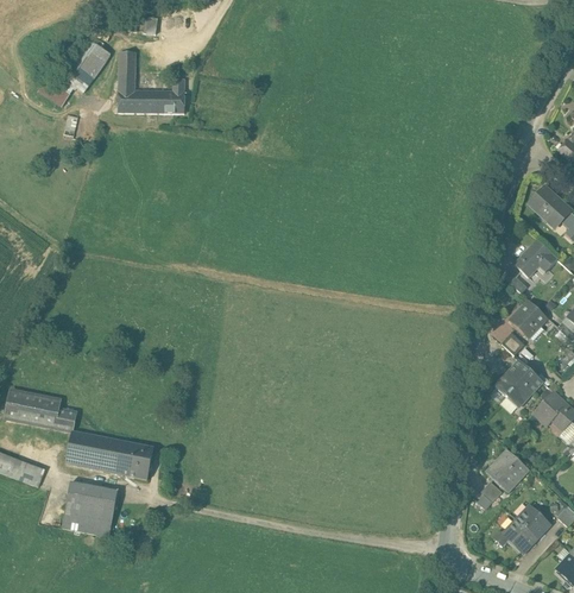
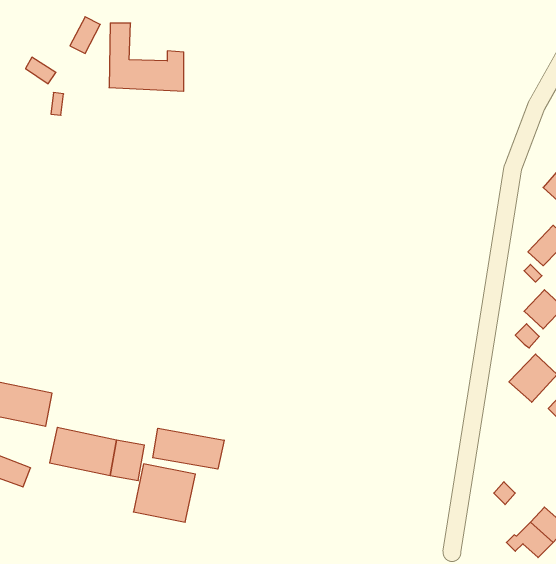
building: none -> [153,428,224,469]
building: [485,449,526,492] -> none
building: [64,482,122,537] -> [133,464,195,522]

